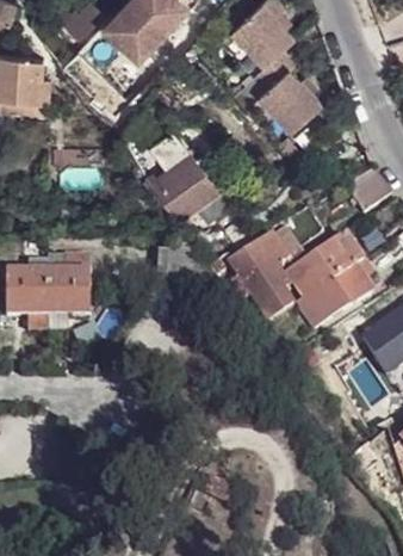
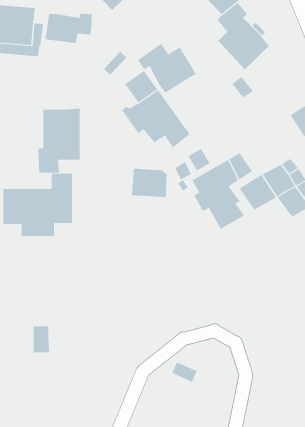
building: none -> [45,13,92,44]
building: none -> [137,43,196,93]
building: none -> [38,108,80,174]
building: [296,280,348,326] -> none

